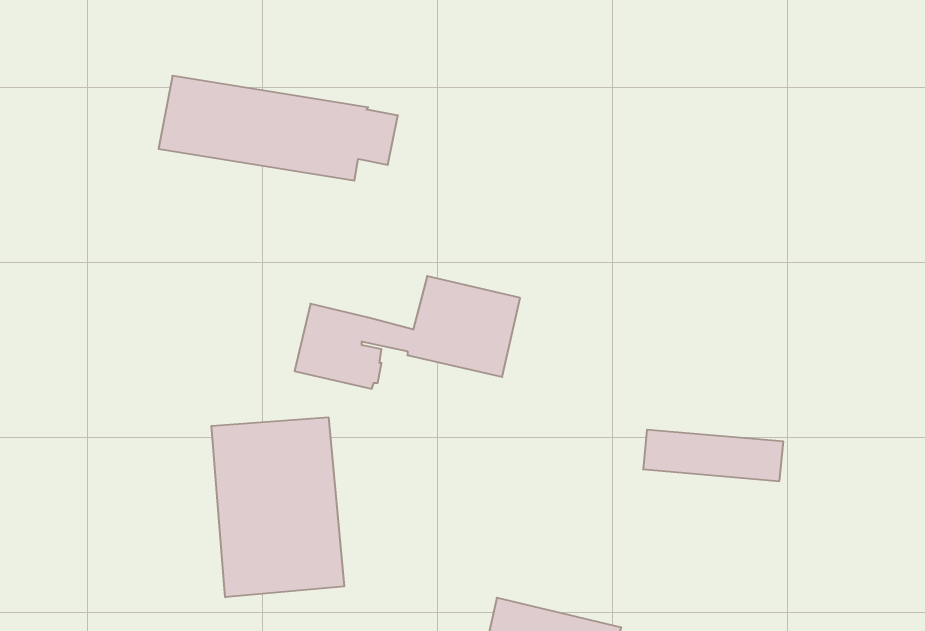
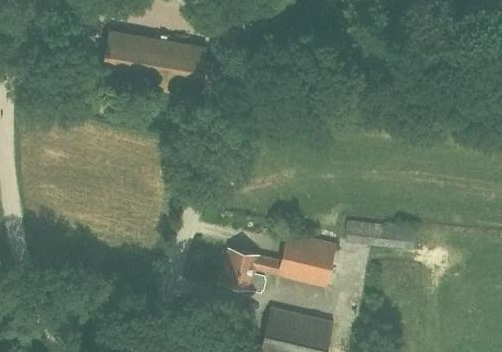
building: [295,276,520,389] -> [222,232,336,289]
building: [211,417,344,597] -> none

